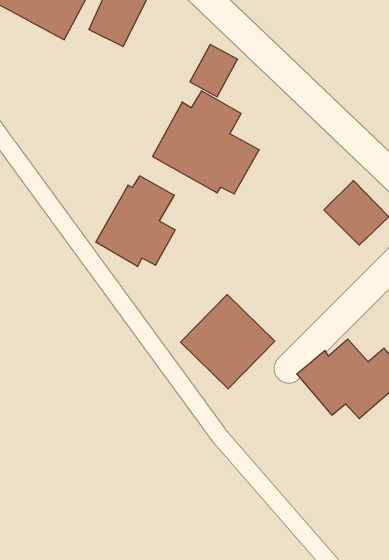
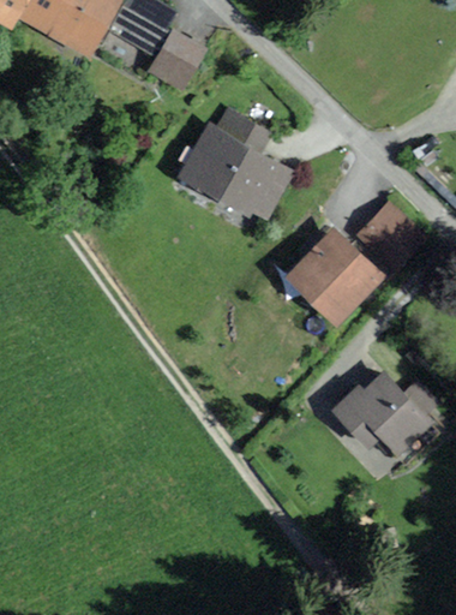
building: [190,45,238,97] -> [154,32,204,88]
building: [96,176,175,267] -> none
building: [181,295,275,389] -> [283,227,383,327]

